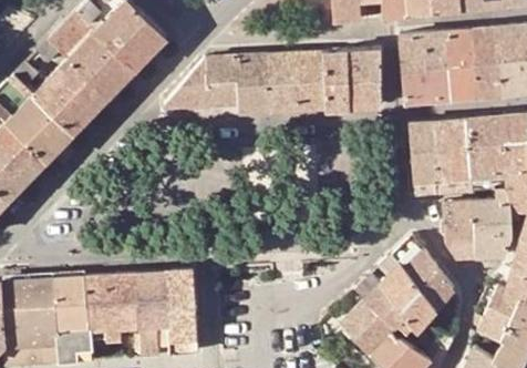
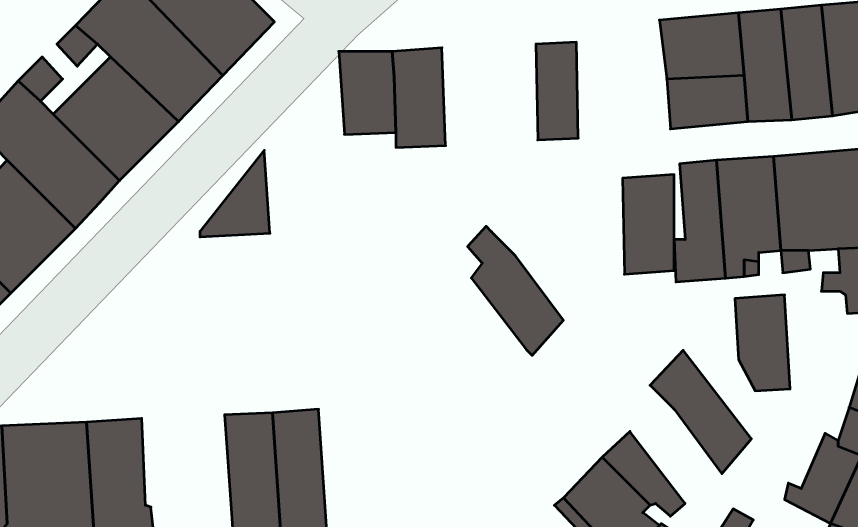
building: [349,49,380,109] -> [623,175,674,274]
building: [268,52,326,113] -> none
building: [167,57,209,109] -> [200,150,270,237]
building: [474,201,513,259] -> none
building: [379,254,436,331] -> [468,226,563,355]
building: [87,275,142,337] -> none

